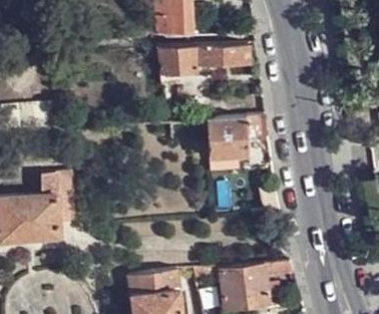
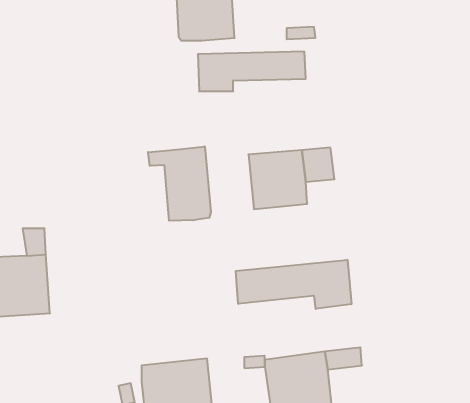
building: none -> [148,146,211,221]
building: none -> [236,260,351,309]

